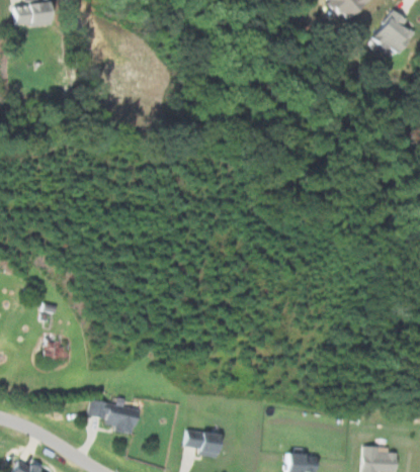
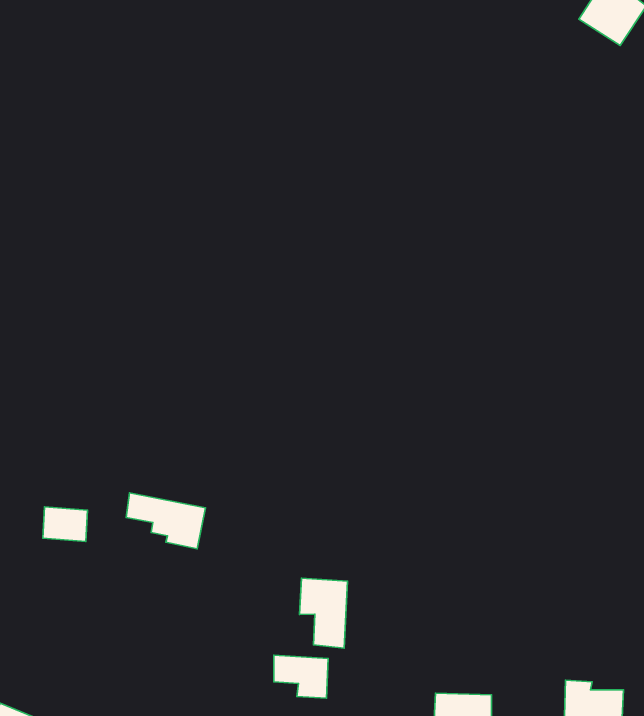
building: none -> [299,578,348,648]
building: [90,399,139,434] -> [126,493,205,549]

